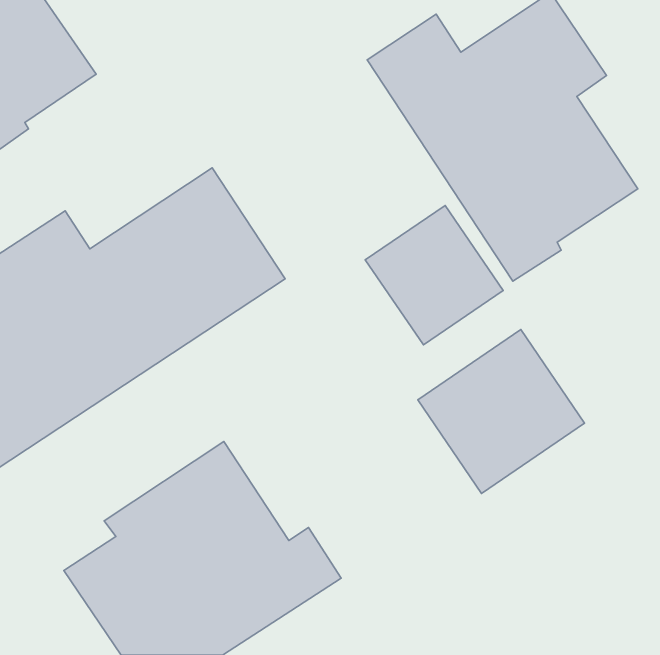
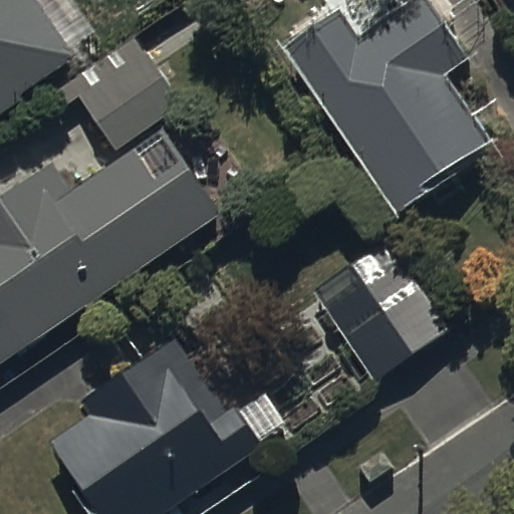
building: none -> [52,31,184,150]
building: [365,205,503,345] -> none

